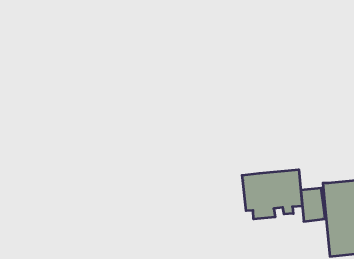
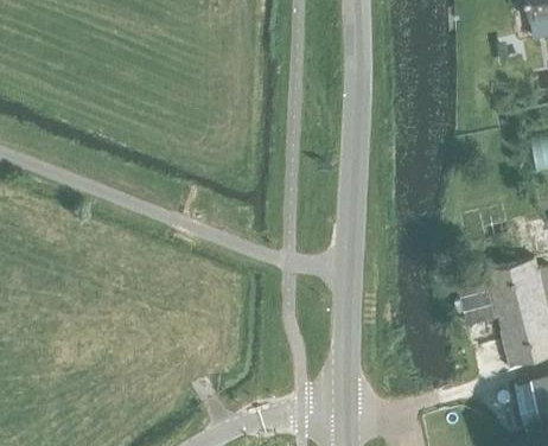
building: [242,170,302,219] -> none

